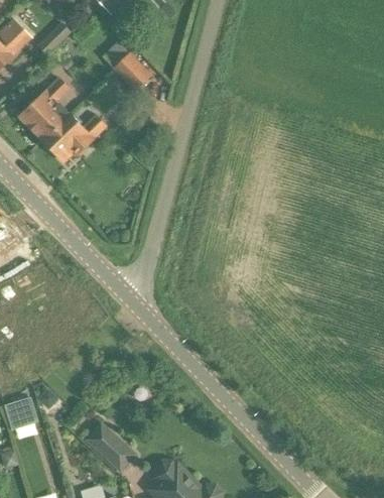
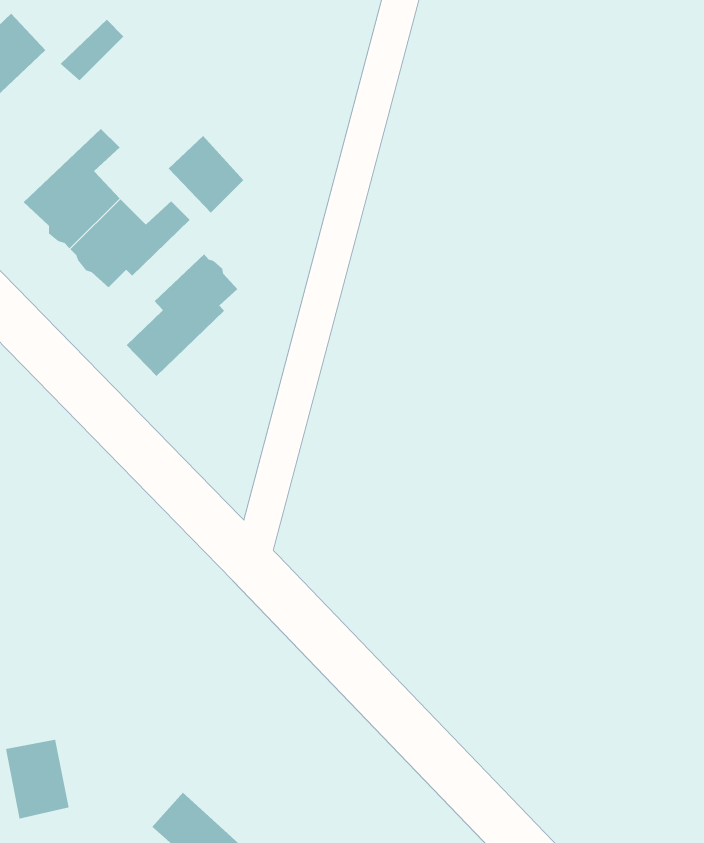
building: [112,52,151,93] -> [168,135,244,213]
building: none -> [126,254,238,377]

